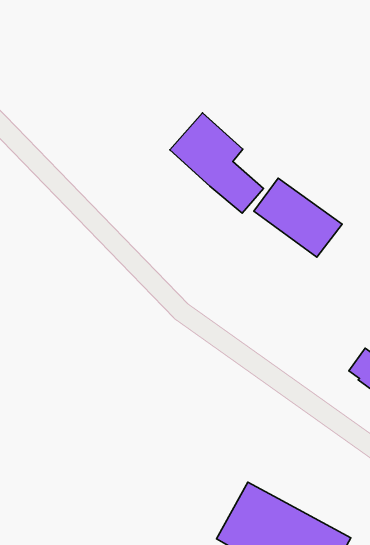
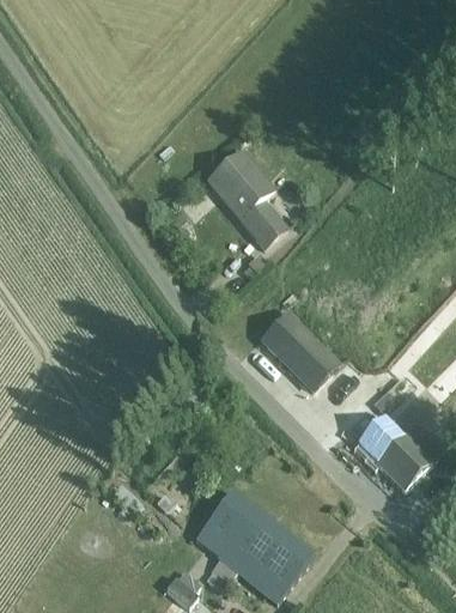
building: [254,178,342,257] -> [262,311,340,388]

